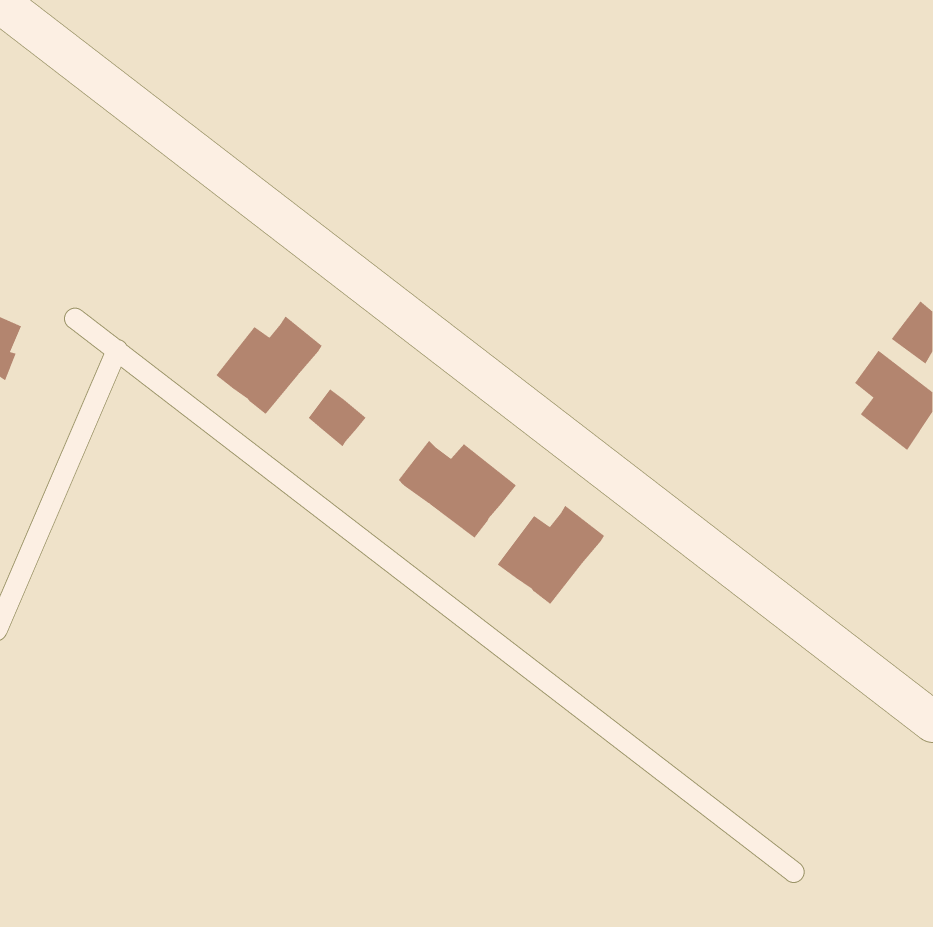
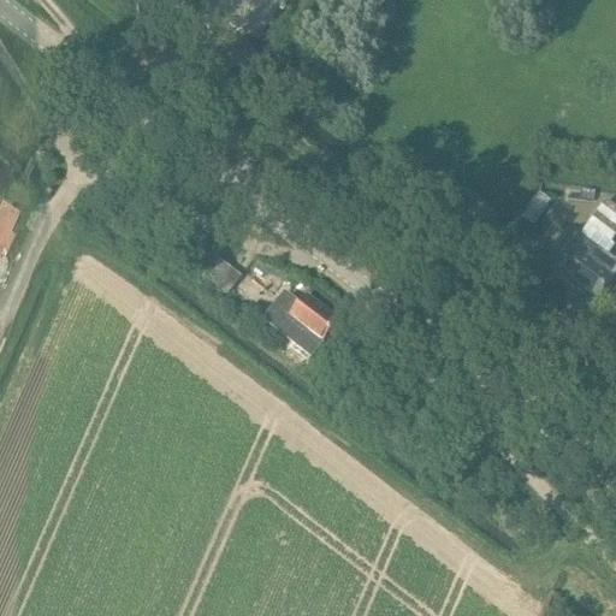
building: [215,316,322,415] -> none
building: [497,505,605,605] -> none

